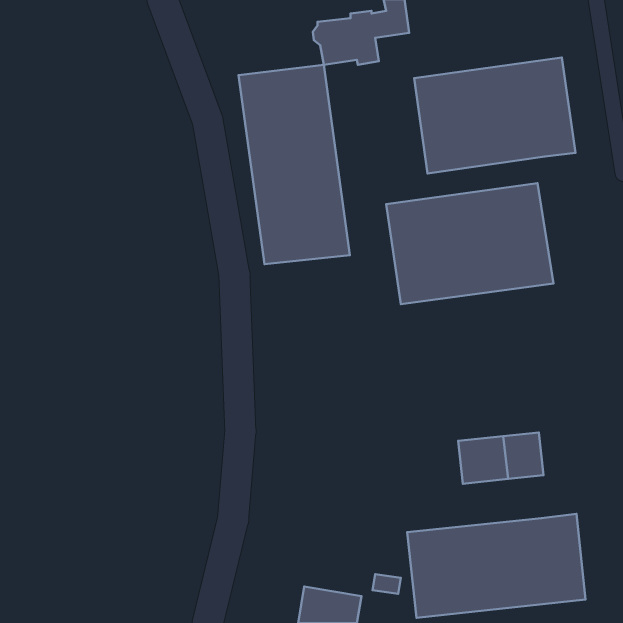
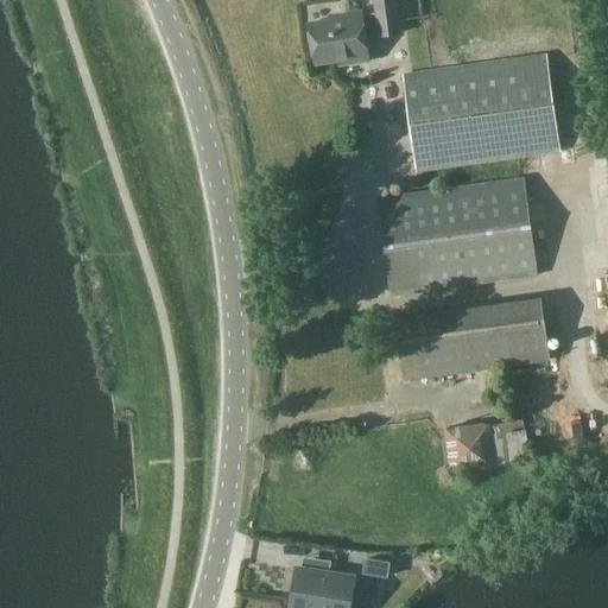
building: [239,65,350,264] -> none
building: none -> [393,296,552,381]
building: [407,514,586,618] -> none

